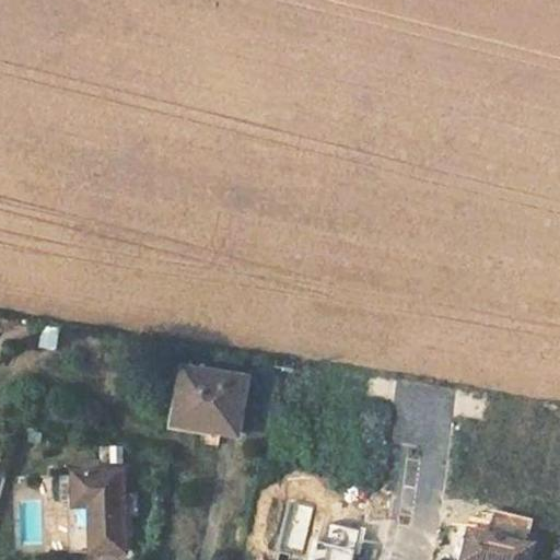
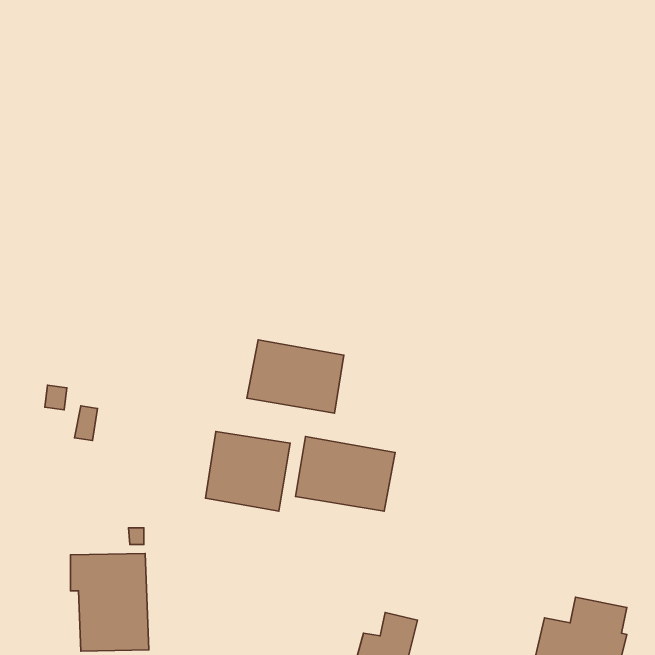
building: none -> [247,340,344,413]
building: none -> [295,436,395,511]

